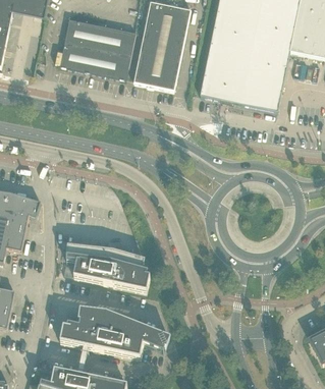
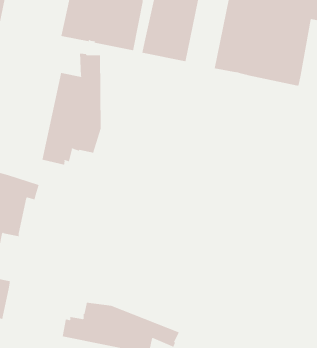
building: none -> [42,53,102,165]
building: [66,244,150,290] -> none

